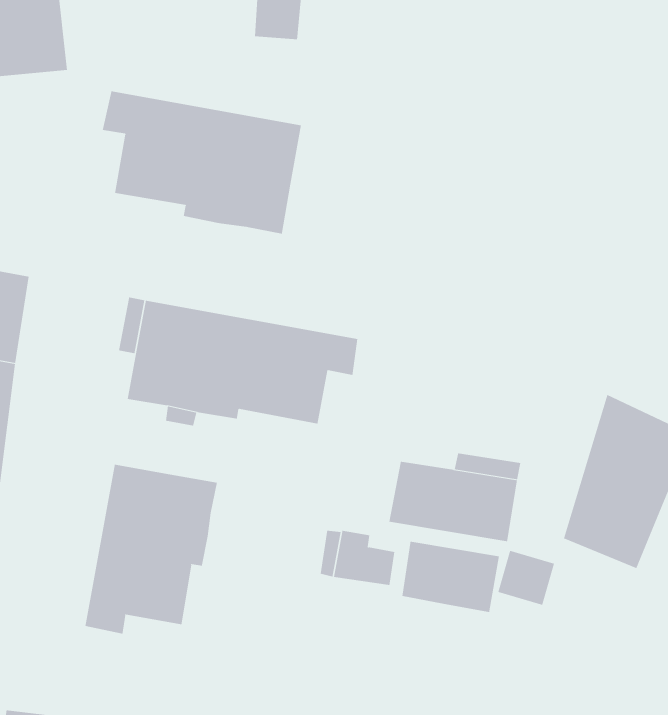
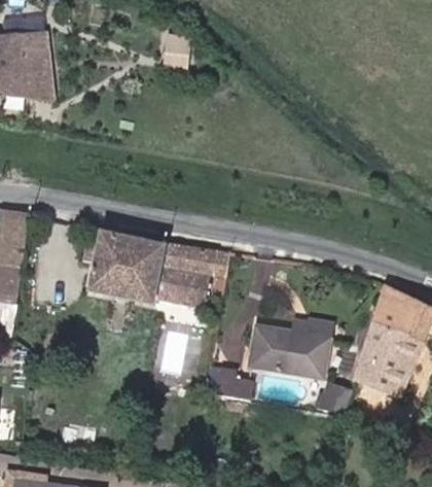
building: [102,90,301,234] -> none
building: [85,464,217,634] -> none
building: [402,541,500,613] -> none

